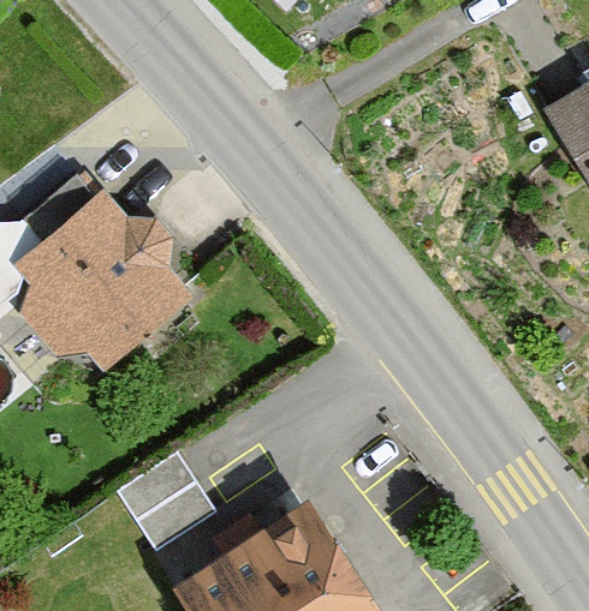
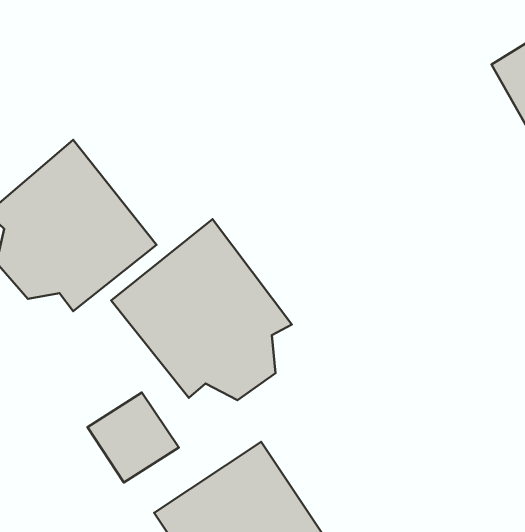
building: none -> [111,219,292,400]

